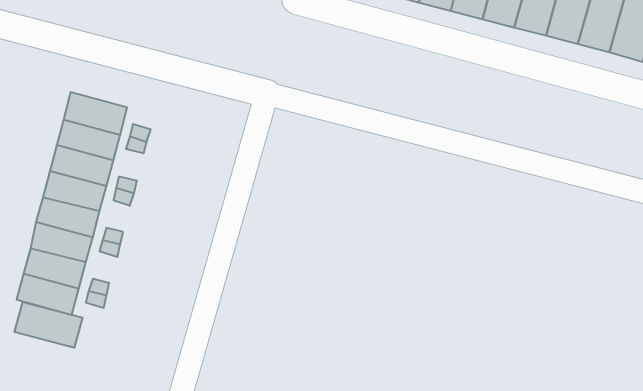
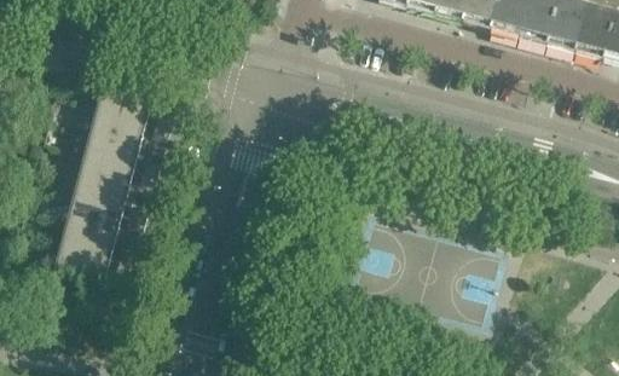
building: [14,302,83,348] -> none

